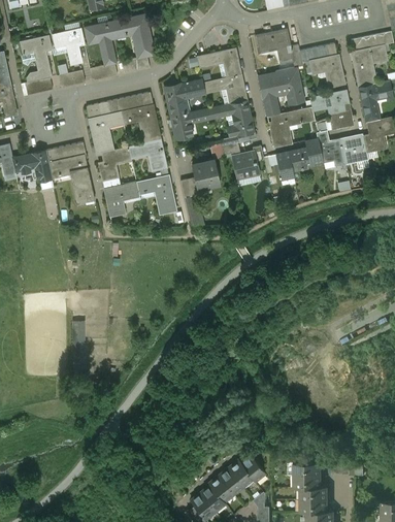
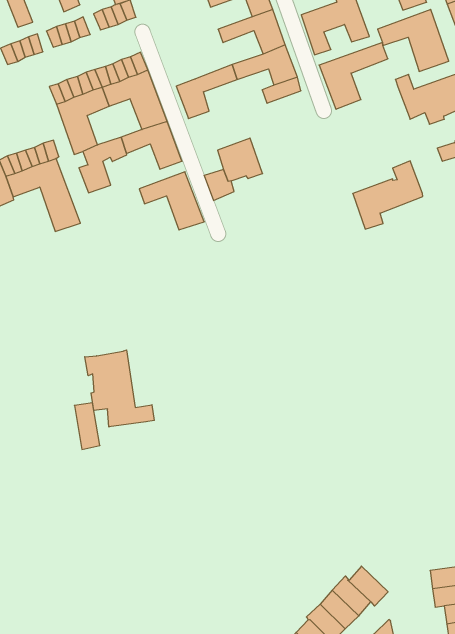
building: [165,84,206,118] -> none
building: [276,138,323,180] -> [353,161,423,229]
building: [223,141,258,175] -> none
building: [104,183,138,216] -> none
building: none -> [85,350,154,427]

